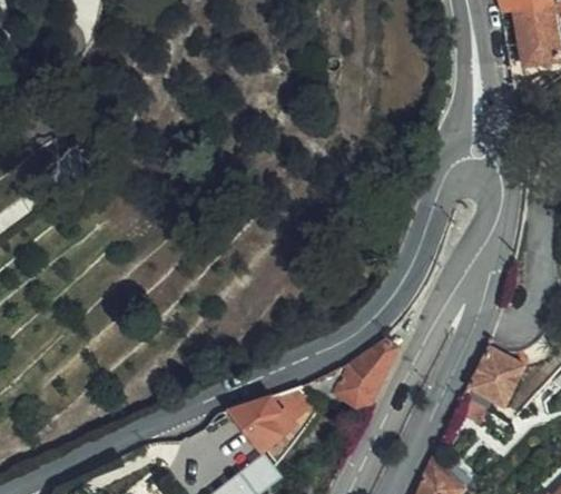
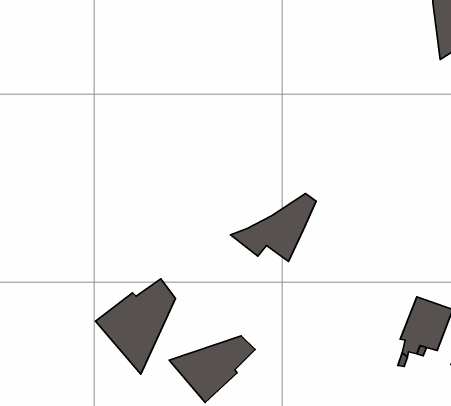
building: none -> [96,279,175,374]
building: [309,339,400,411] -> [230,194,316,261]

